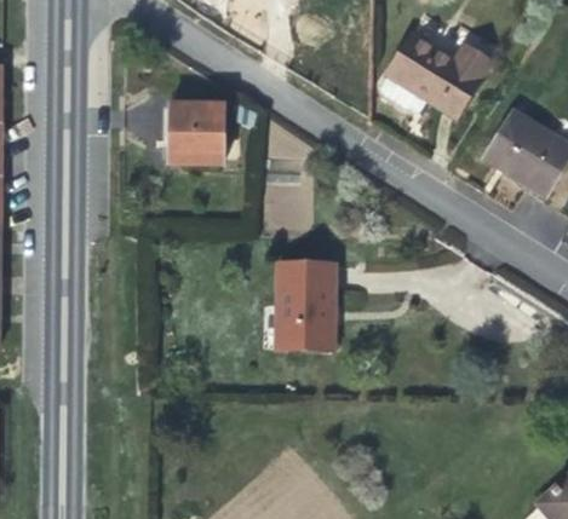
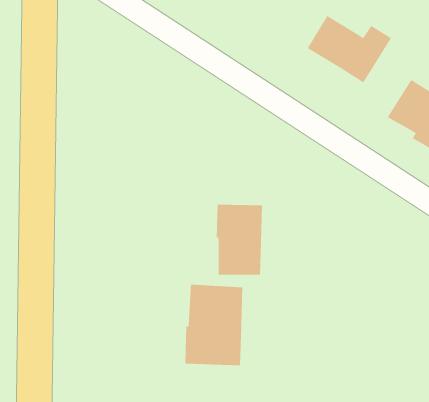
building: [170,102,223,162] -> none
building: none -> [185,284,243,366]

